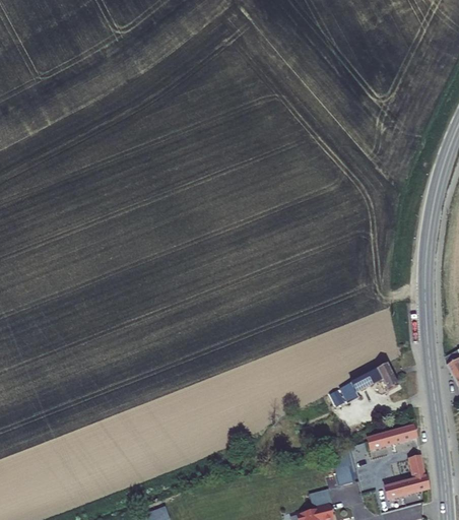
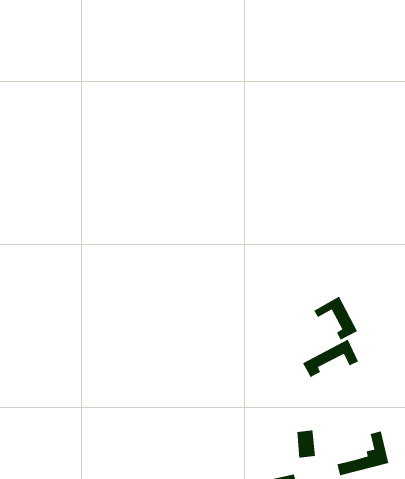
building: none -> [314,296,358,341]
building: [367,427,418,459] -> none

